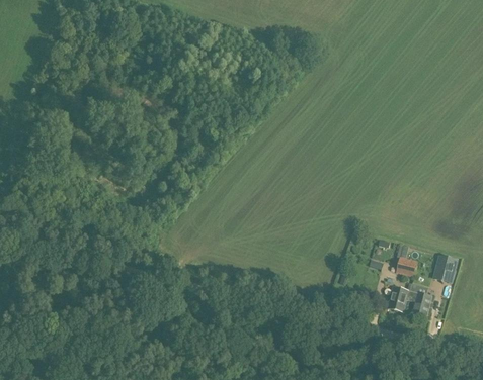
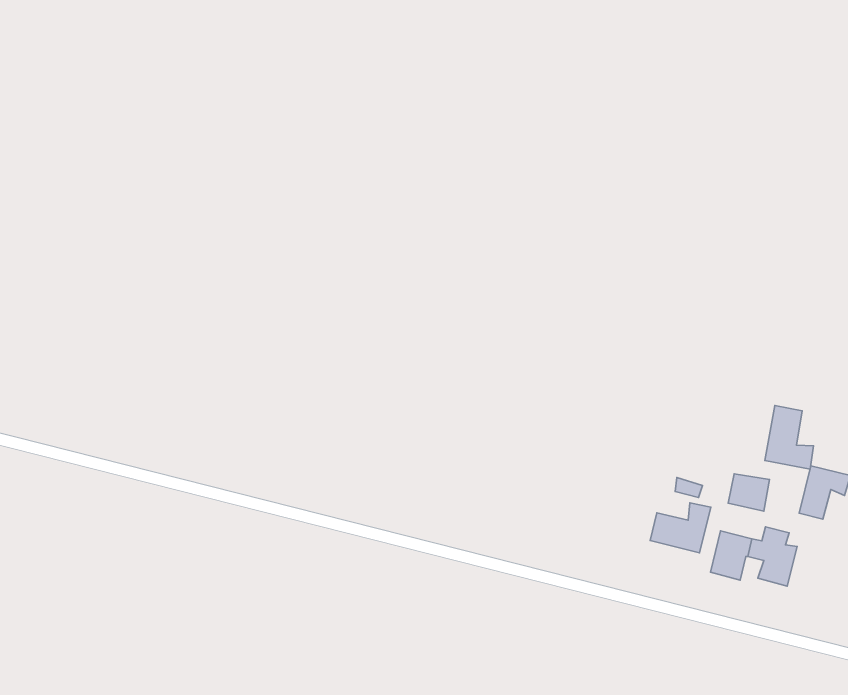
building: none -> [765,406,813,469]
building: none -> [650,503,711,553]

